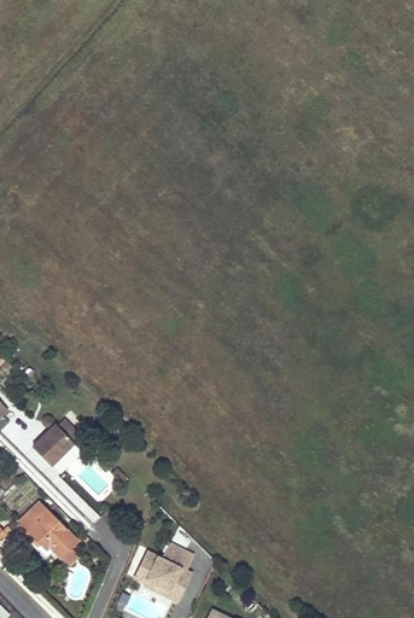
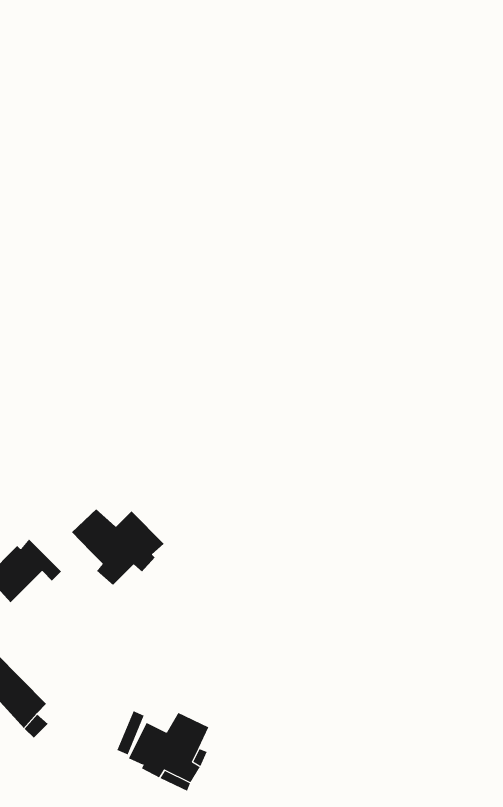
building: none -> [71,508,164,586]

